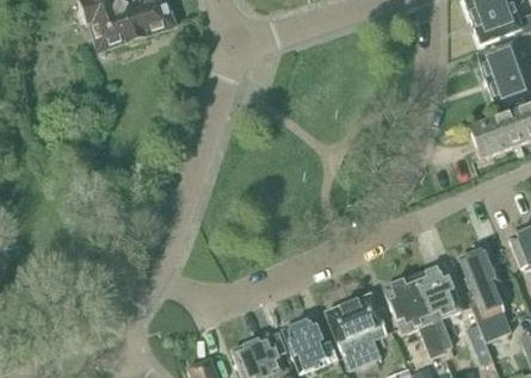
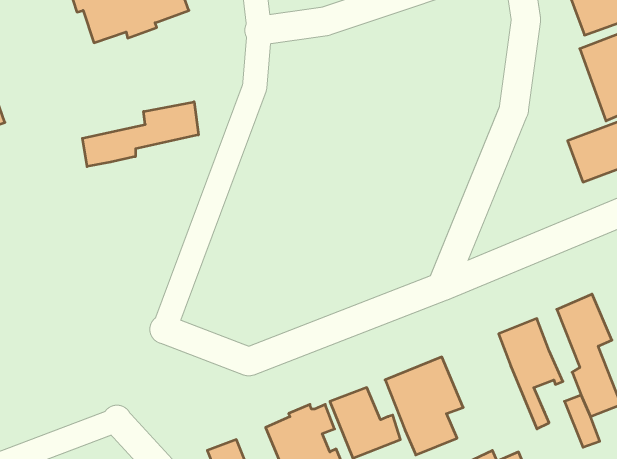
building: none -> [82,102,198,167]
building: [384,275,444,357] -> none

